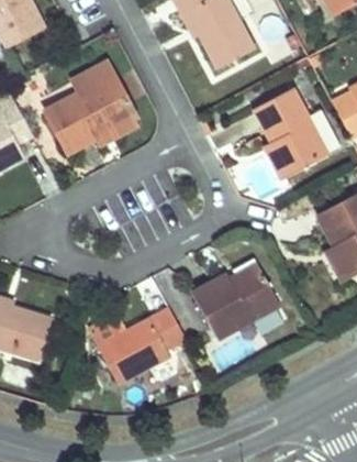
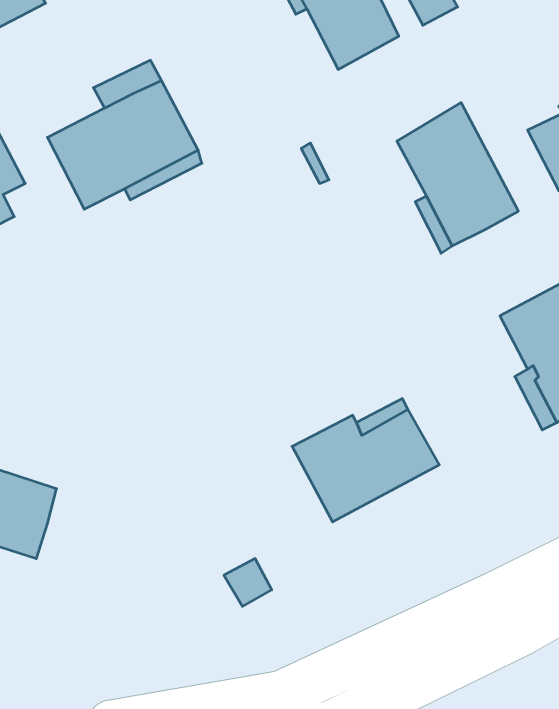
building: [97,306,186,383] -> none

